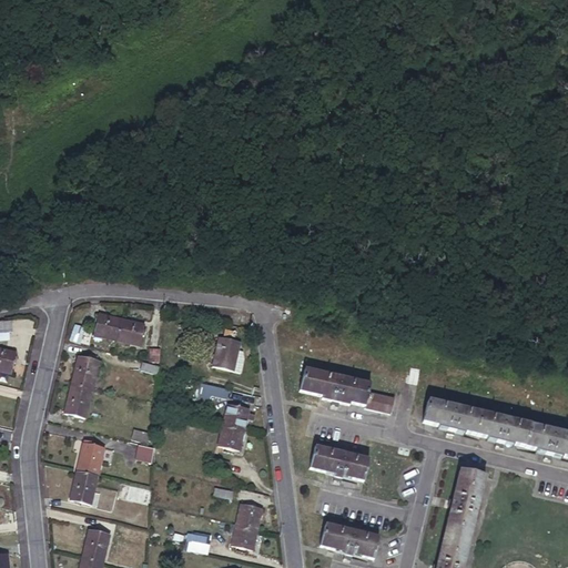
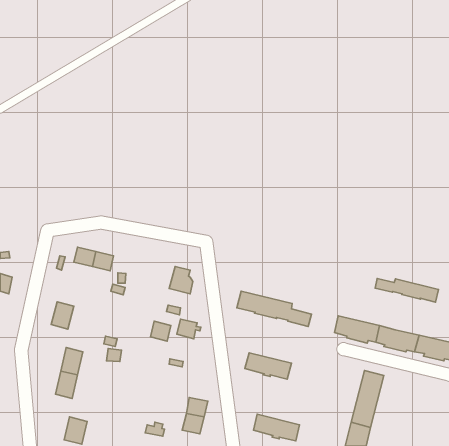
building: none -> [375,279,438,302]
building: [73,353,101,386] -> none
building: [220,422,245,447] -> [151,321,171,341]

